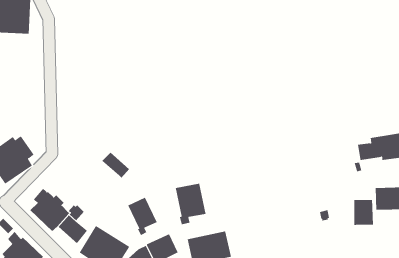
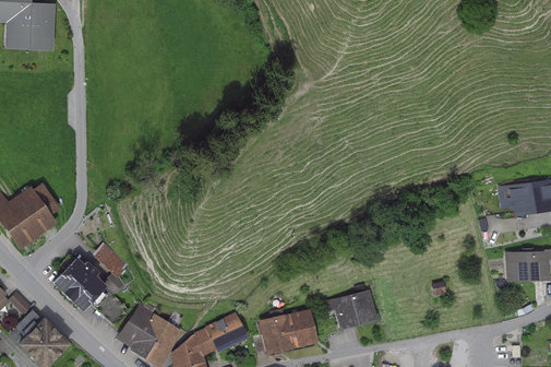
building: [101,152,130,178] -> [92,242,129,277]
building: [175,183,206,225] -> none
building: [128,197,157,236] -> none
building: [354,199,373,226] -> none
building: none -> [325,284,376,329]

